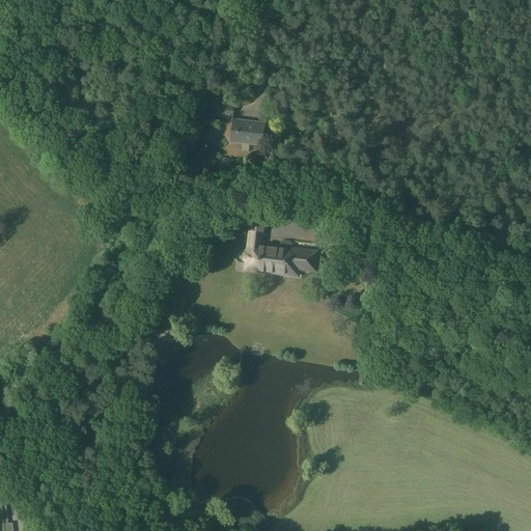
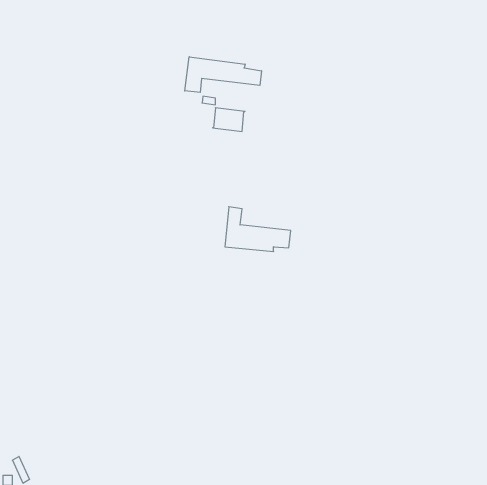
building: none -> [185,57,261,92]

